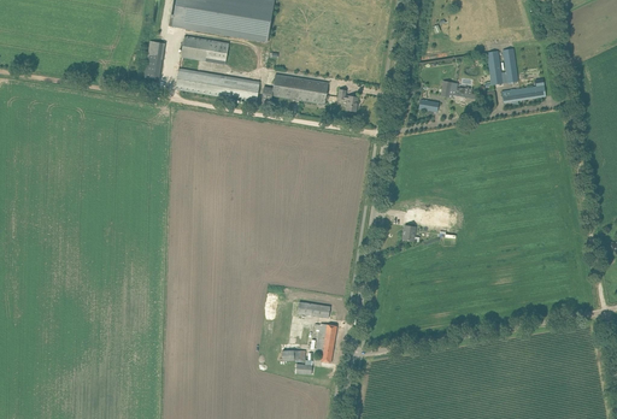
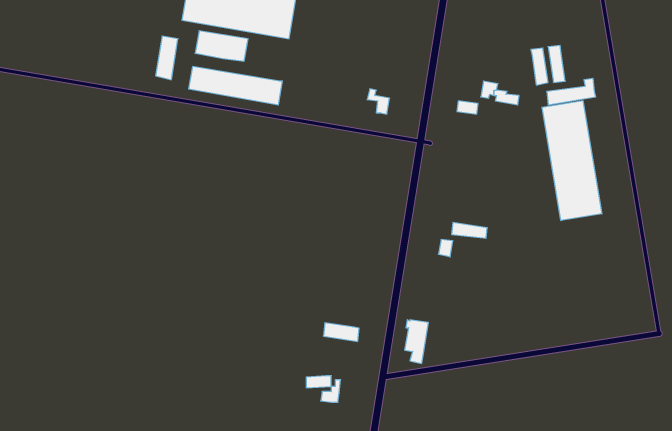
building: [262,73,328,104] -> none
building: none -> [542,101,602,221]
building: [316,323,337,362] -> [405,320,428,363]

